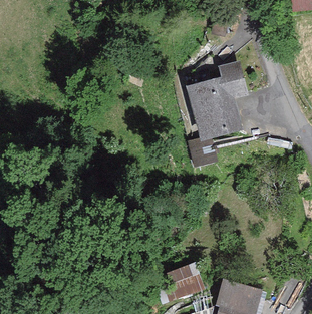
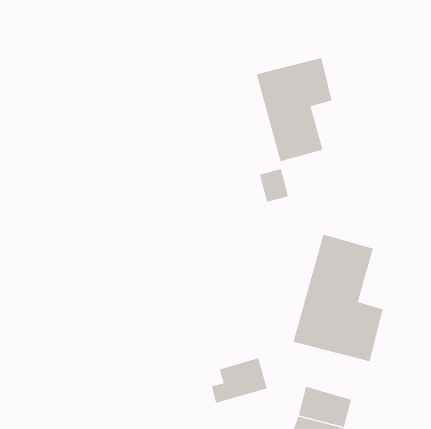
building: none -> [293,234,384,362]

